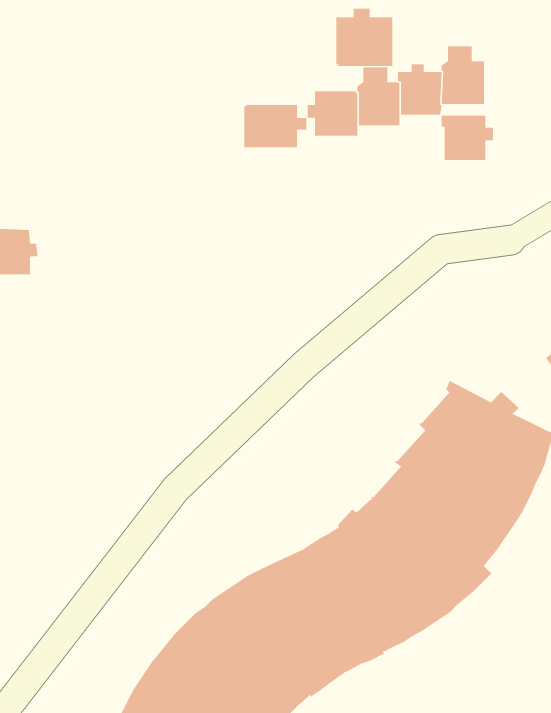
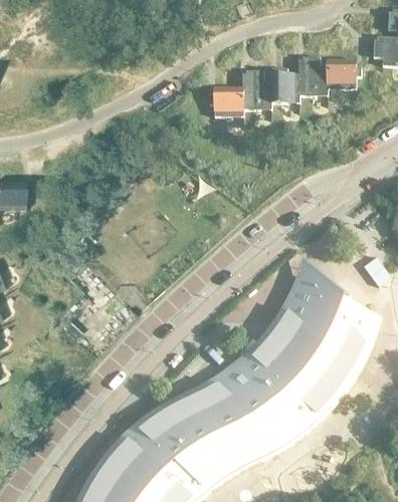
building: [336,8,393,67] -> none
building: [244,104,307,148] -> none
building: [441,115,494,160] -> [325,57,360,87]

